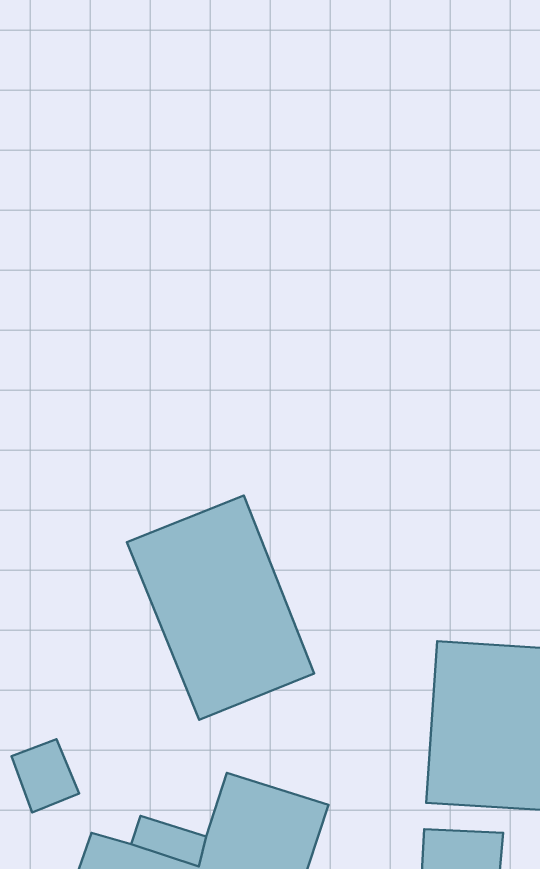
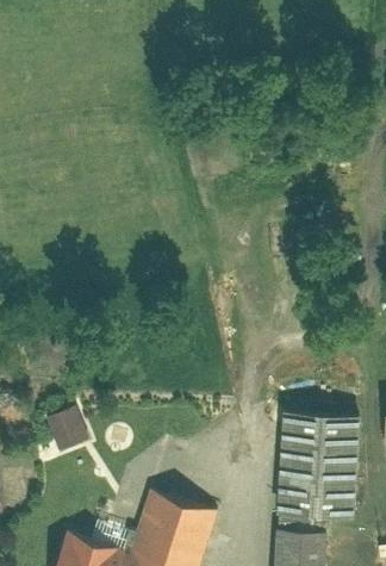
building: [127,496,314,720] -> none
building: [12,739,79,812] -> [44,410,87,456]

